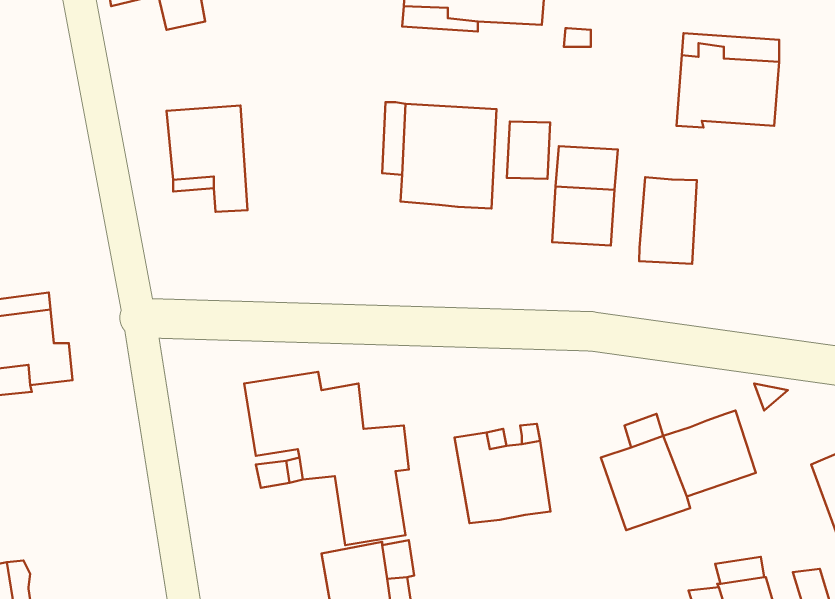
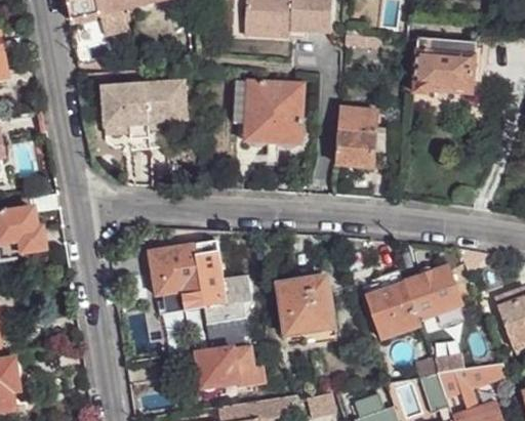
building: none -> [147,78,189,144]
building: [507,121,550,179] -> none
building: [639,177,697,264] -> none

